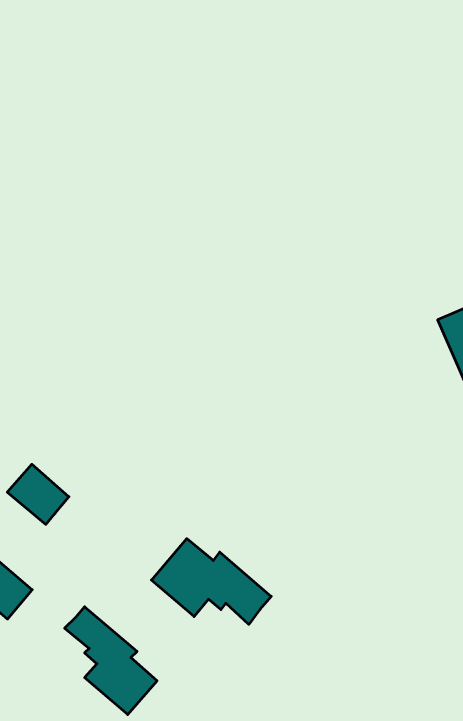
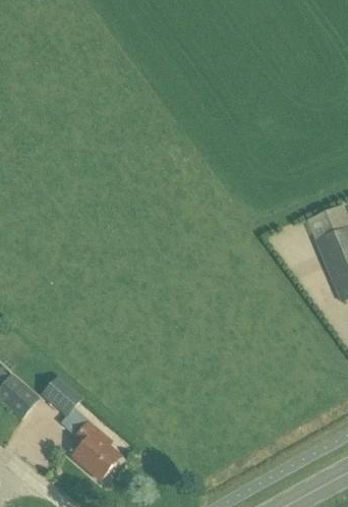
building: [7,464,69,524] -> [41,377,81,416]
building: [151,539,271,624] -> none

